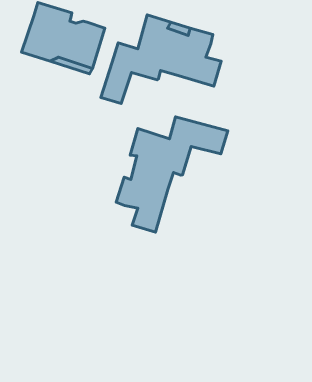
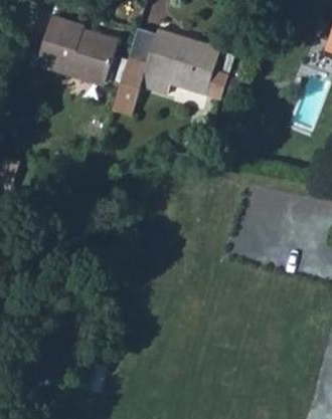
building: [116,117,228,232] -> none

